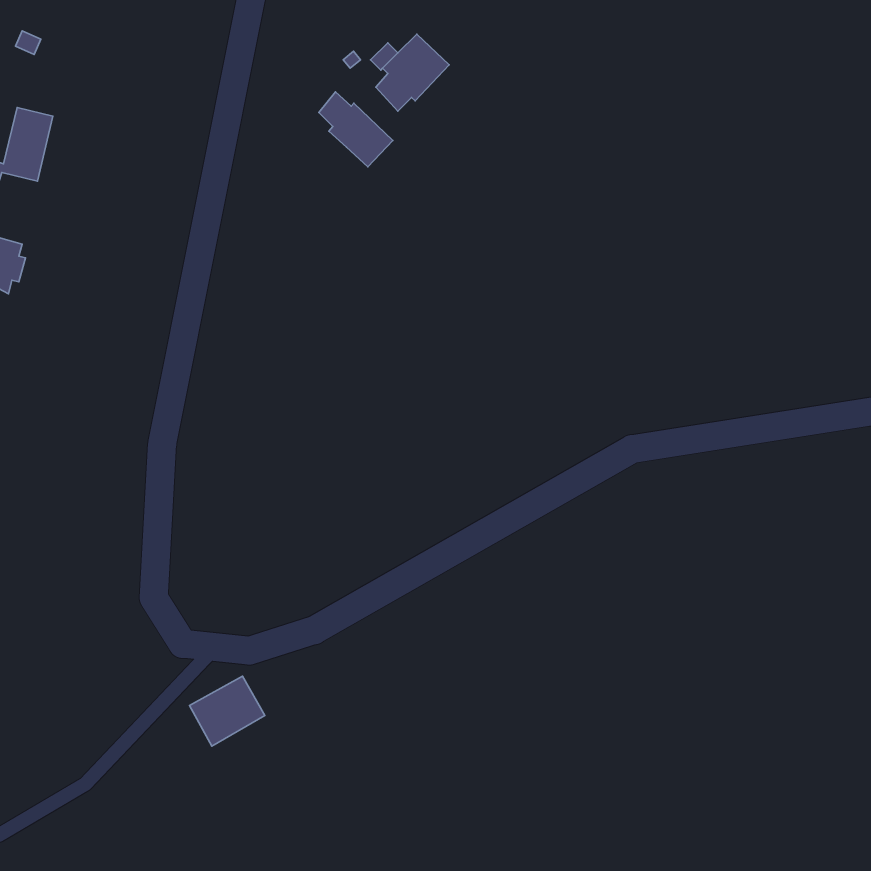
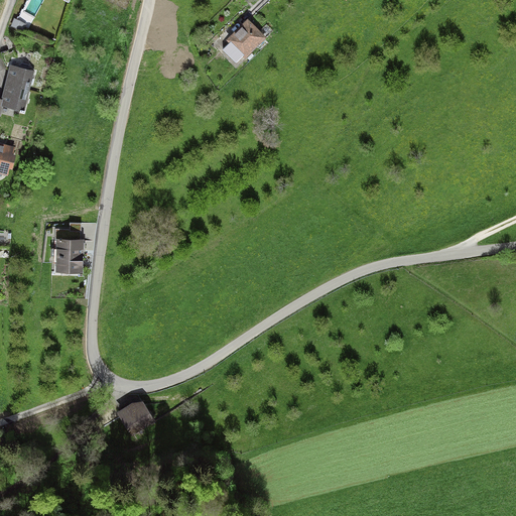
building: [319,92,393,167] -> none
building: none -> [56,236,82,268]

